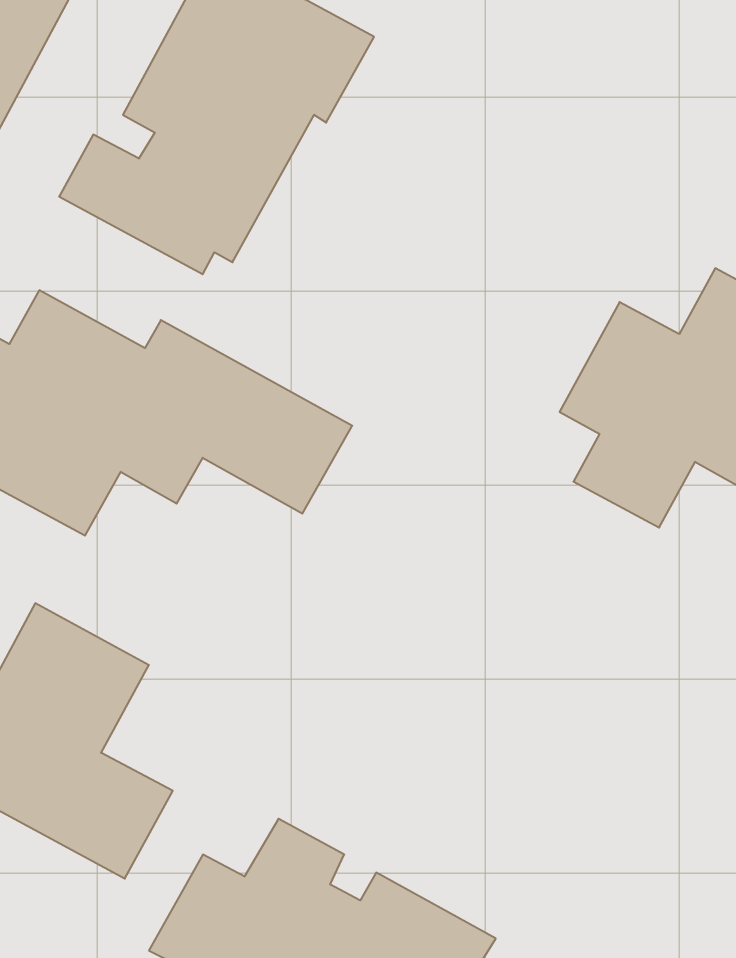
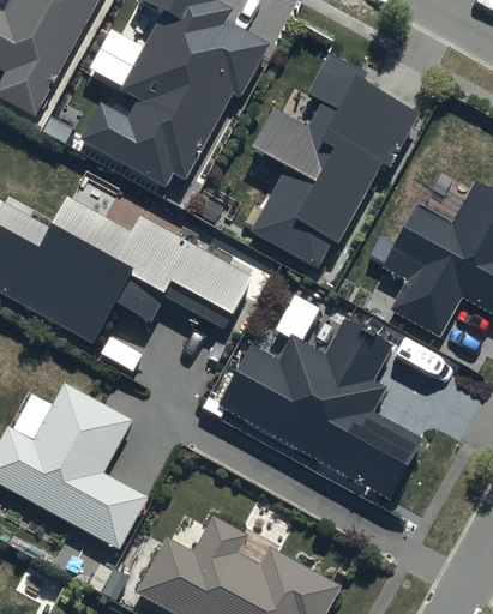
building: none -> [251,52,422,267]
building: none -> [217,319,423,500]

